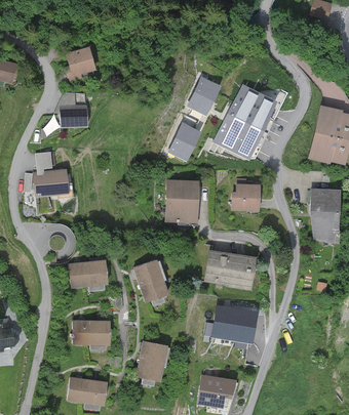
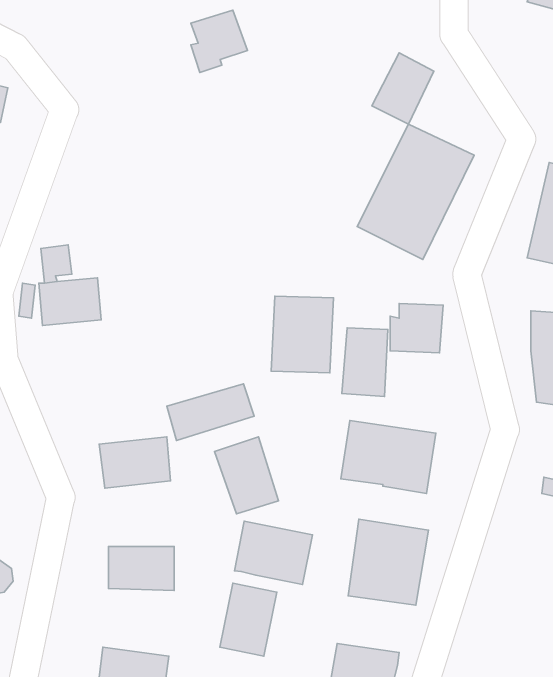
building: [65,46,96,81] -> [191,10,248,72]
building: [186,76,221,116] -> [372,53,434,124]
building: [59,105,87,127] -> none
building: [166,122,201,162] -> none
building: none -> [342,328,388,396]
building: none -> [167,384,254,441]
building: none -> [235,521,312,585]

